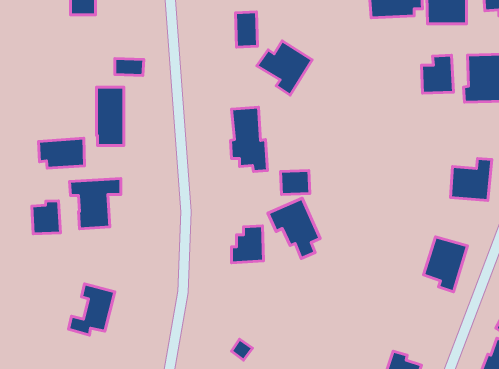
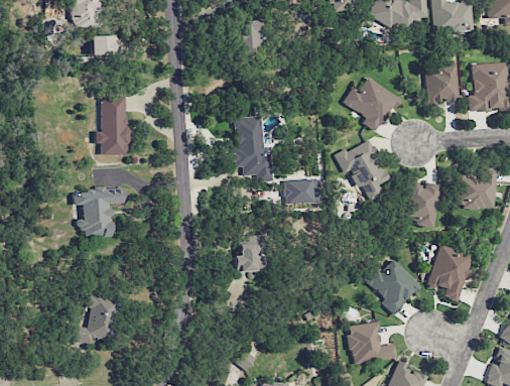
building: [257,41,312,95] -> [343,78,398,132]
building: [115,58,144,75] -> [91,35,120,52]
building: [38,138,85,168] -> none
building: none -> [401,182,439,227]
building: [268,198,320,258] -> [335,140,387,201]
building: [32,201,61,234] -> none
building: none -> [365,260,420,314]
building: none -> [348,321,396,364]

